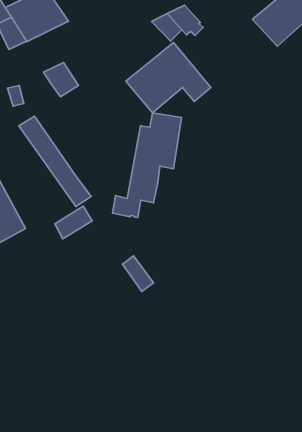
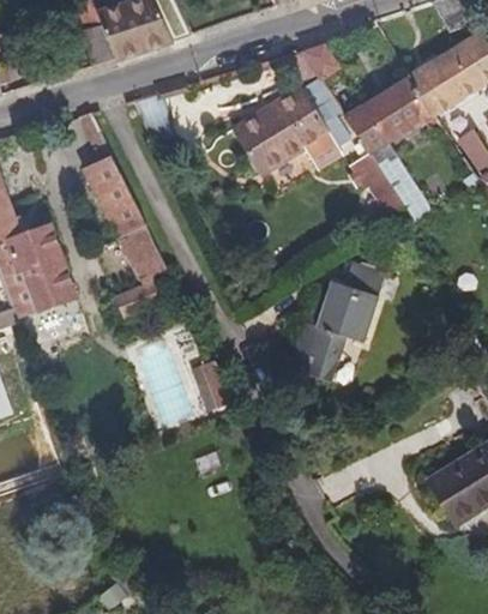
building: none -> [342,76,432,223]
building: [113,113,181,218] -> [276,266,382,397]

